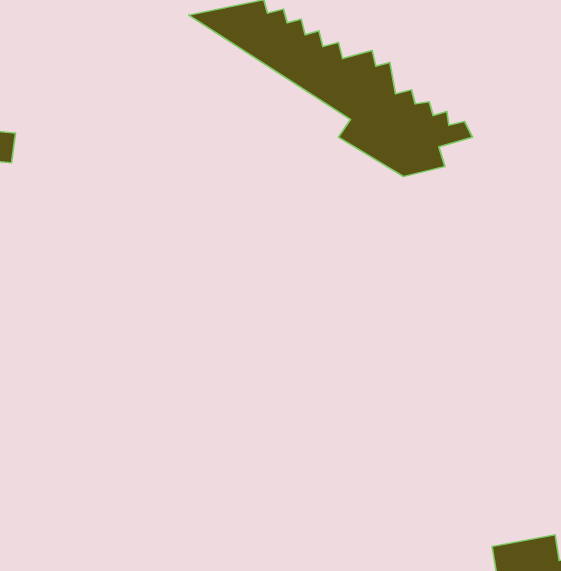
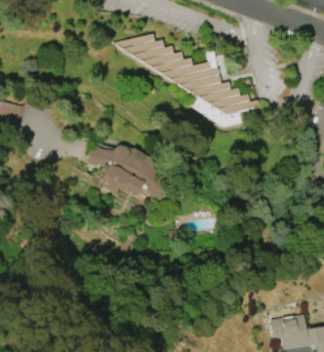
building: none -> [87,145,163,198]

